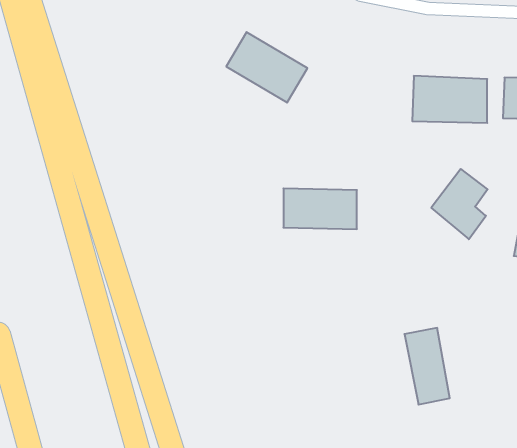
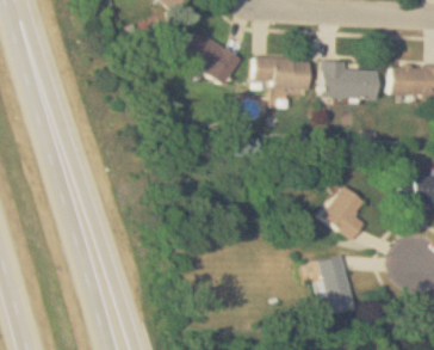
building: [431,169,488,239] -> [322,188,365,241]
building: [283,188,357,229] -> [256,59,312,90]

